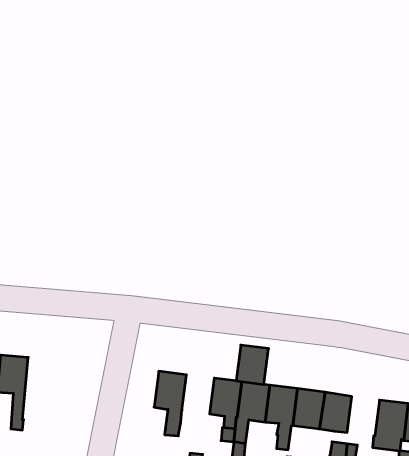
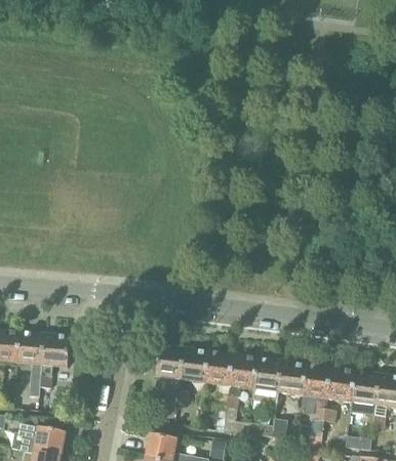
building: [236,345,269,384] -> [181,348,209,383]
building: none -> [39,333,70,389]
building: none -> [327,368,356,403]

